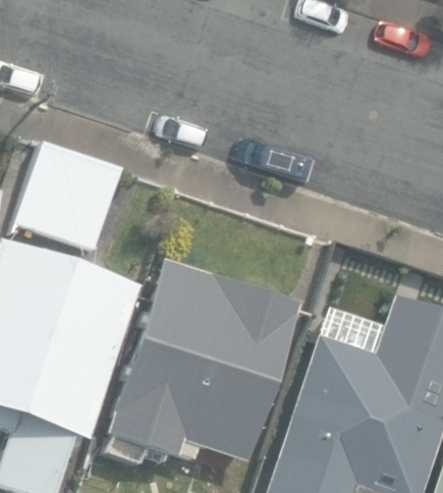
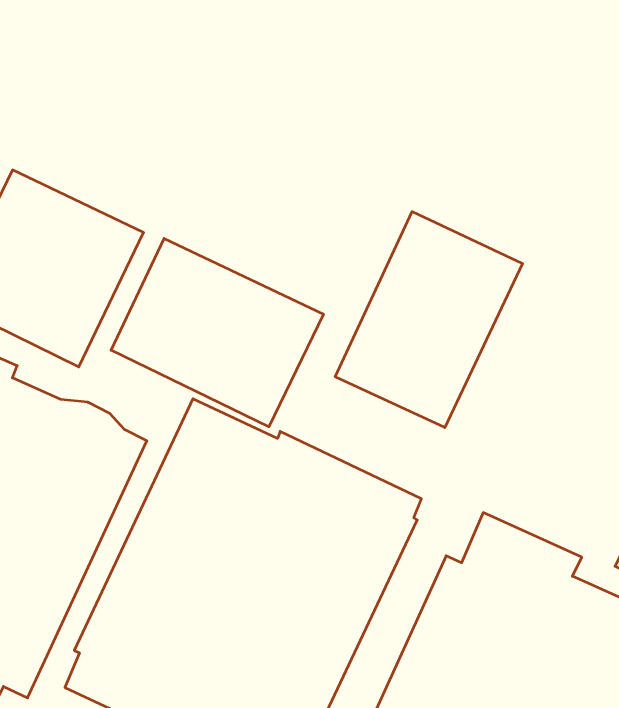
building: none -> [335,212,523,428]
building: none -> [111,238,323,427]

